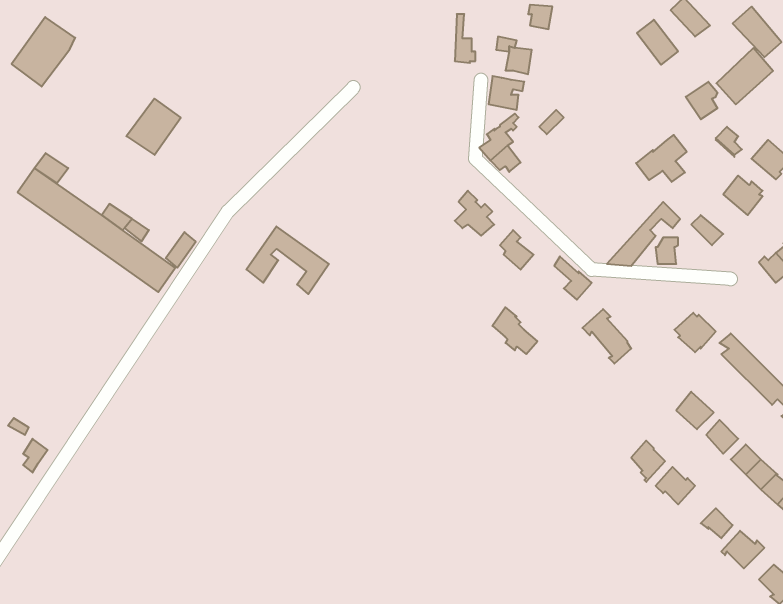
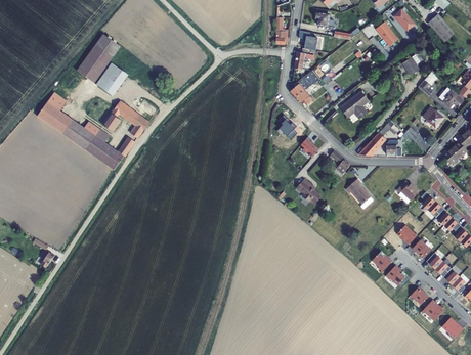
building: [12,17,75,87] -> [78,45,113,83]
building: [716,48,773,104] -> none
building: [636,135,687,182] -> [341,92,369,118]
building: [246,226,329,294] -> [103,101,148,138]

